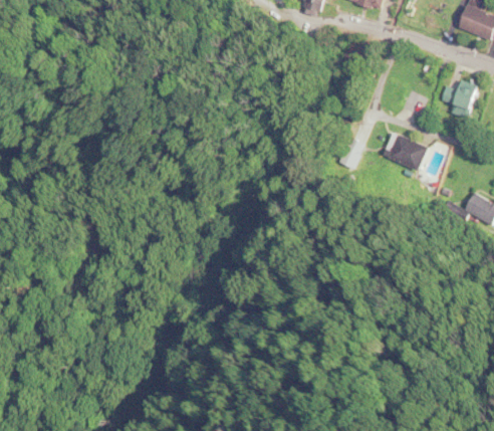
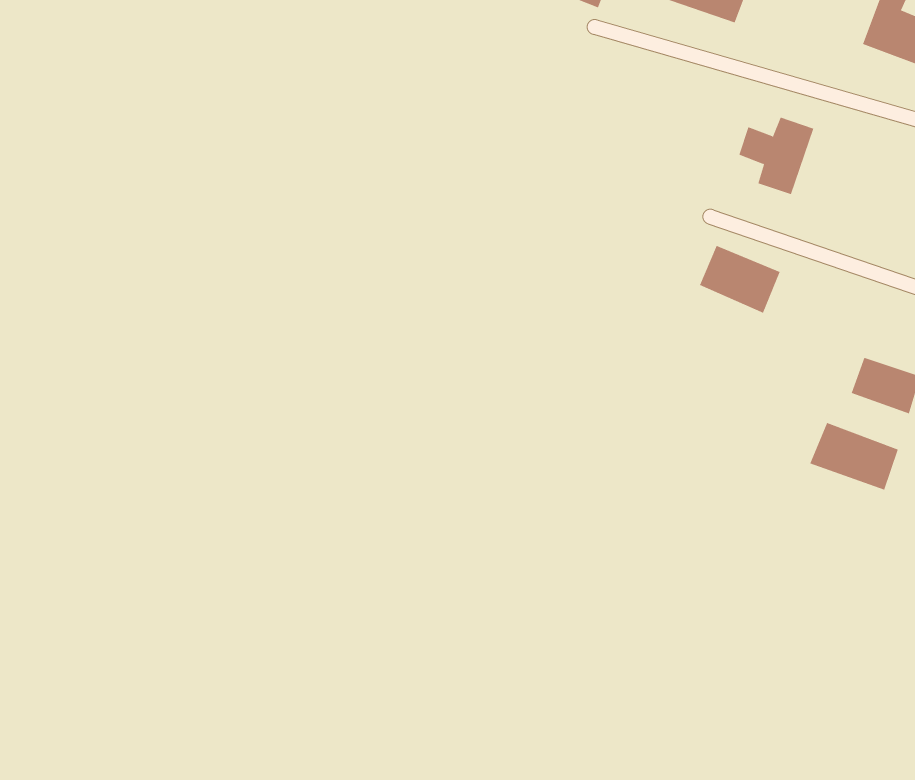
building: [440,80,480,122] -> [738,117,814,195]
building: none -> [809,422,899,491]

